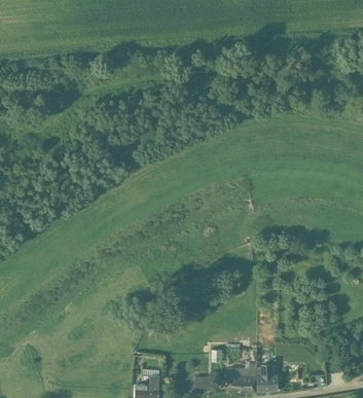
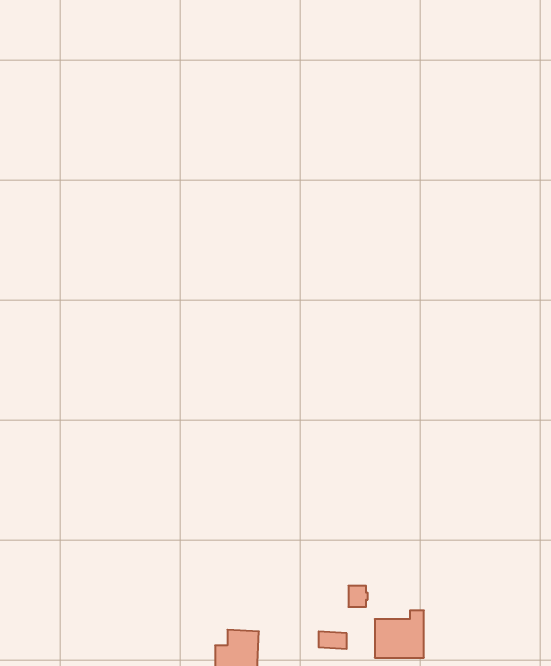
building: [256,364,277,392] -> none

